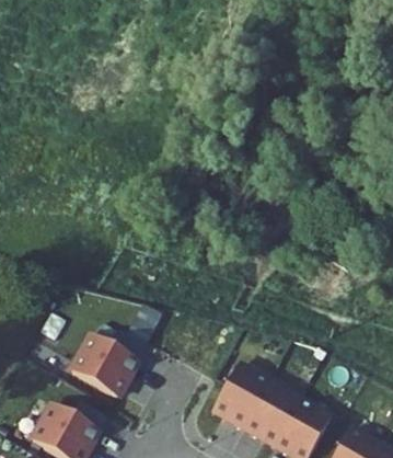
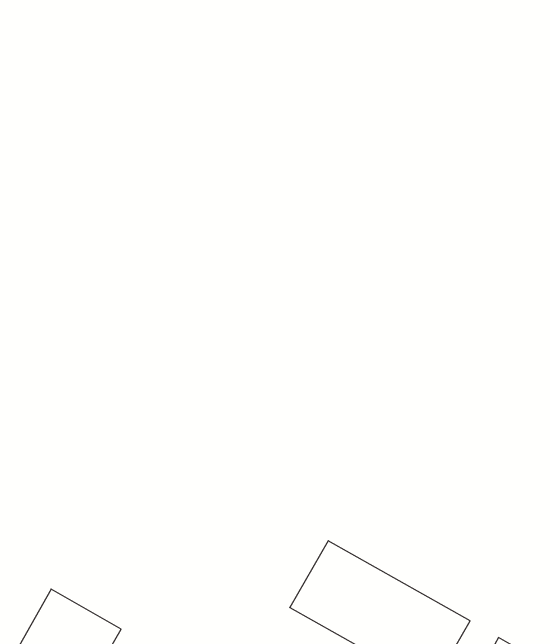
building: [76,331,141,393] -> none

